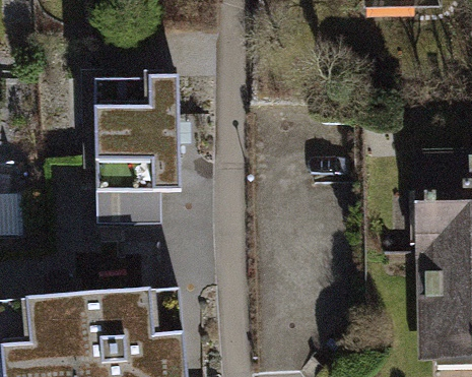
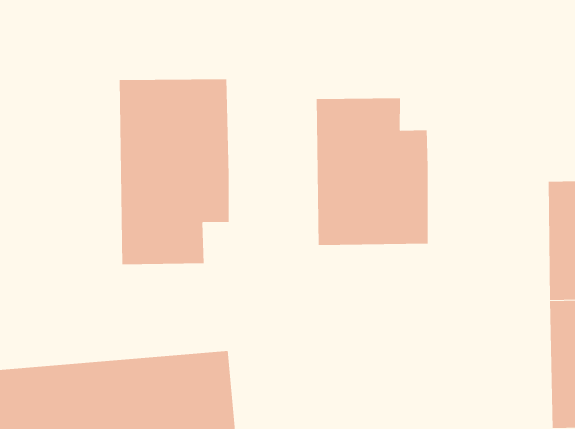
building: none -> [316,97,428,246]

